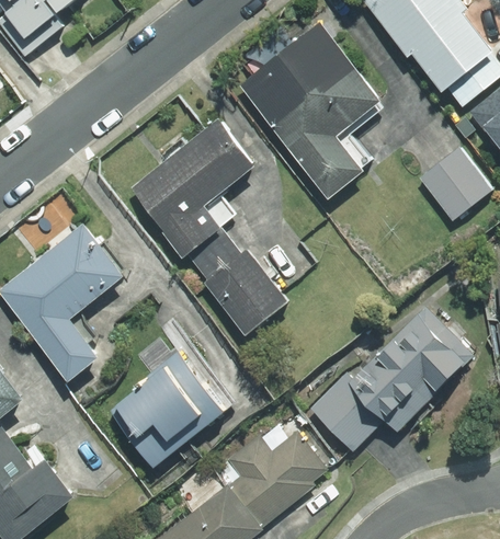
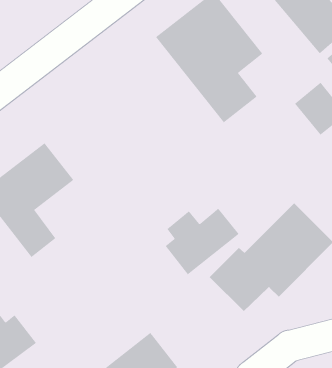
building: [129,122,291,335] -> none
building: [109,353,220,462] -> none
building: [231,435,332,526] -> [165,208,240,275]

